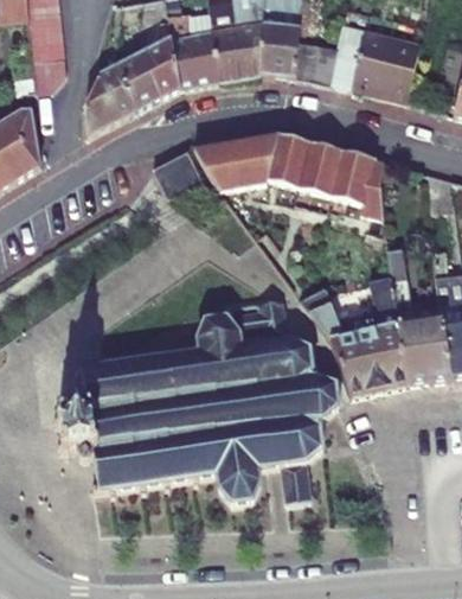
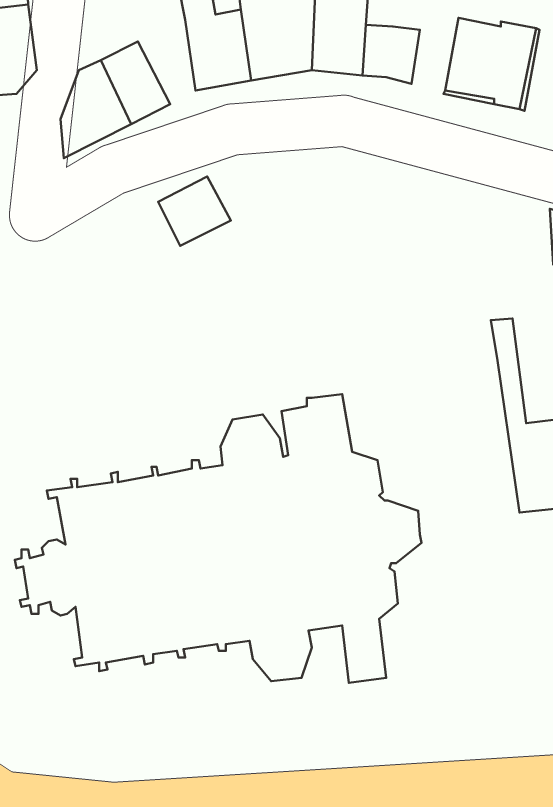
building: [139,37,179,96] -> none
building: [194,133,385,216] -> none
building: [301,276,406,396] -> none

